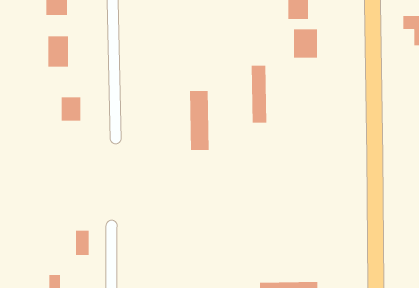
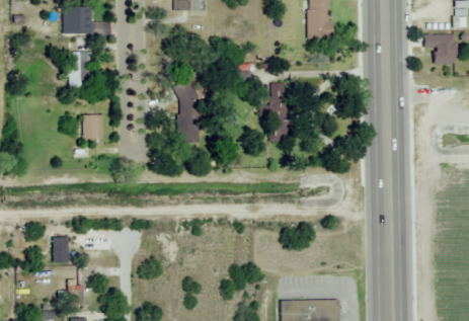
building: [293,29,318,58] -> none
building: [189,91,210,151] -> [179,81,200,141]
building: [75,230,90,255] -> [54,237,68,262]

